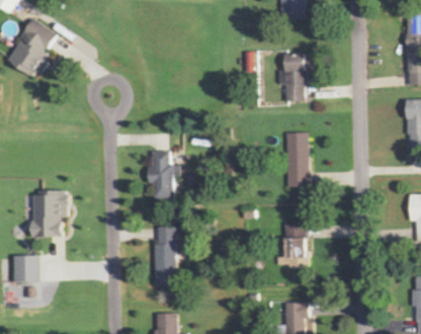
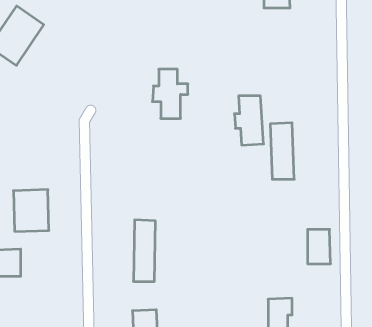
building: [277,53,306,100] -> [234,96,264,145]
building: [145,151,179,198] -> [152,69,188,118]
building: [281,224,304,257] -> [308,229,331,264]

